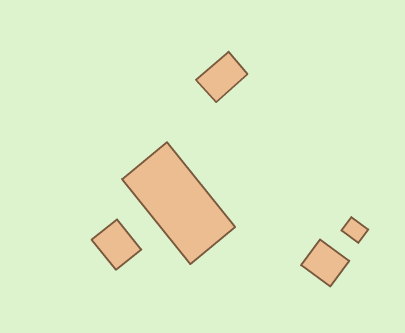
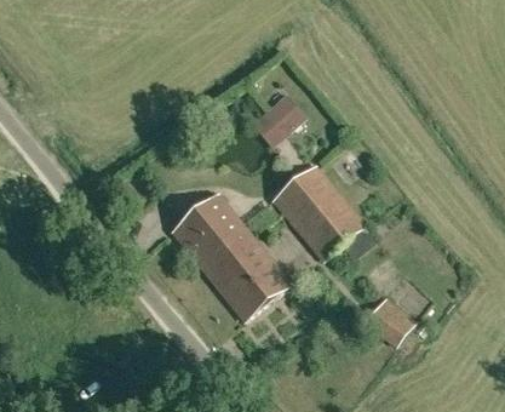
building: none -> [270,161,366,261]
building: [92,219,141,270] -> none

